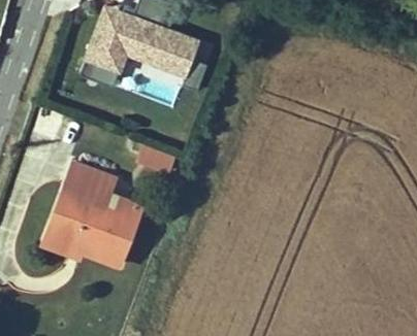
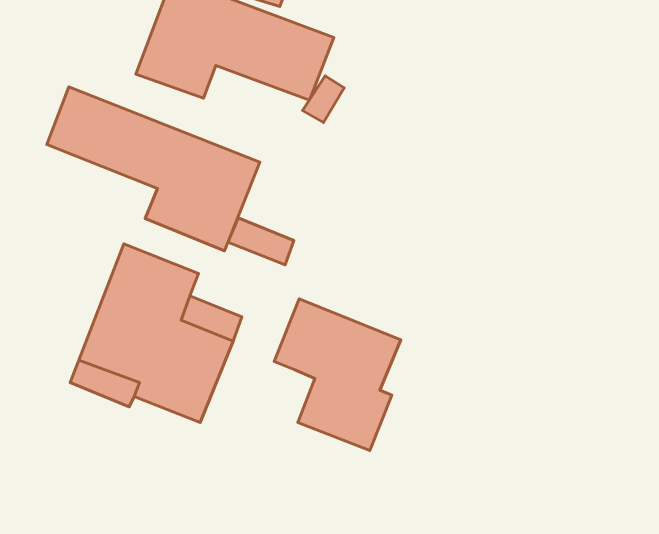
building: none -> [47,87,260,251]
building: none -> [274,299,401,450]

